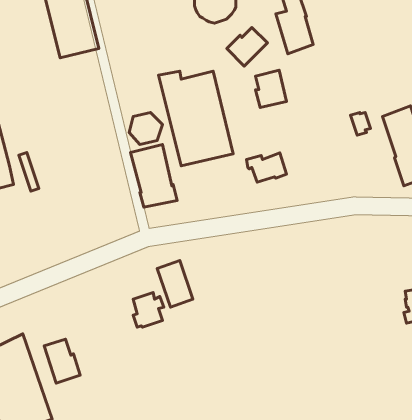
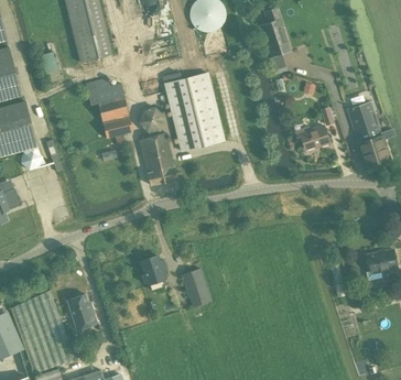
building: [227,28,267,66] -> none
building: [256,70,287,108] -> none
building: none -> [85,78,132,144]
building: [246,153,286,182] -> [296,126,329,150]
building: [157,261,193,307] -> [182,269,212,307]

